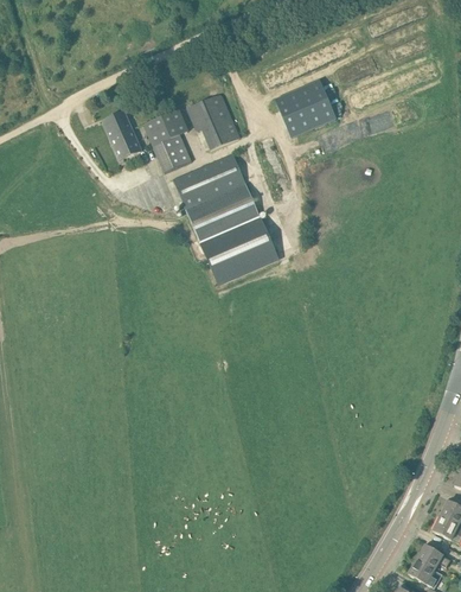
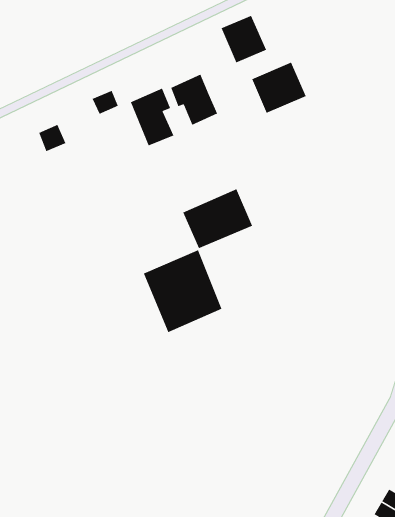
building: none -> [221,15,267,64]
building: [110,129,141,160] -> [38,124,67,152]
building: [173,153,260,244] -> [143,249,223,333]

